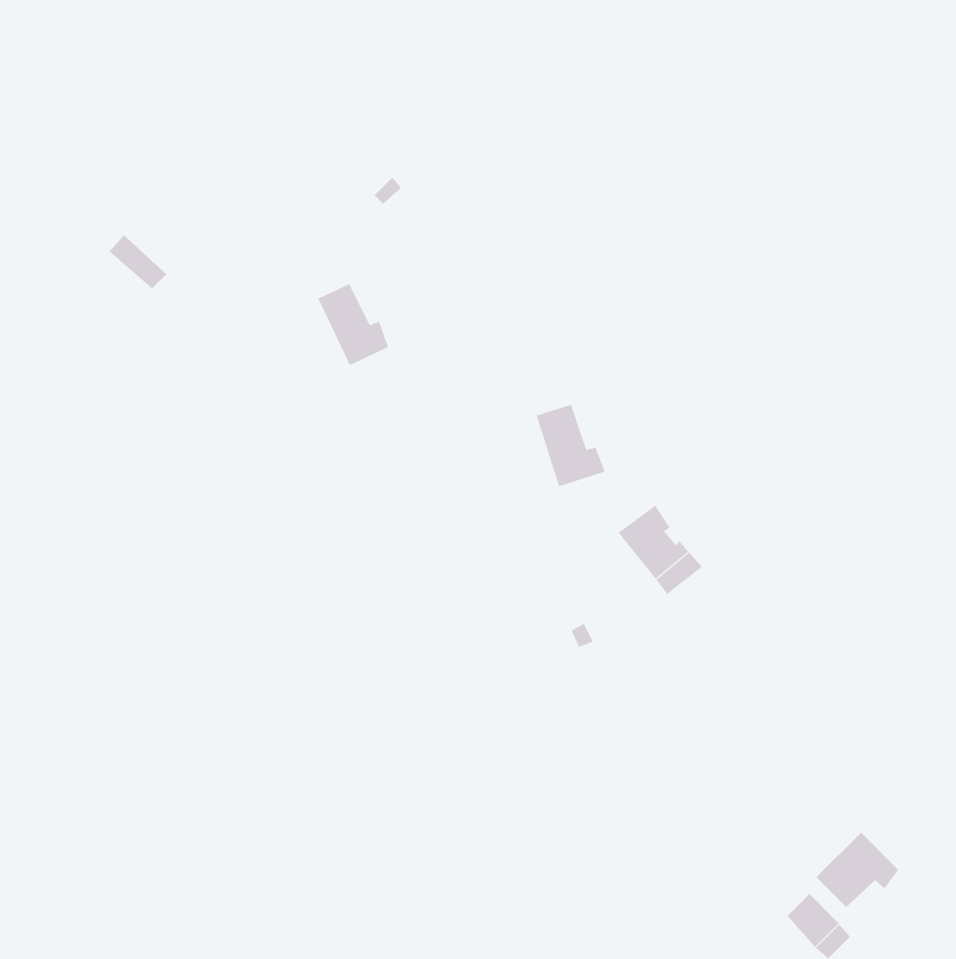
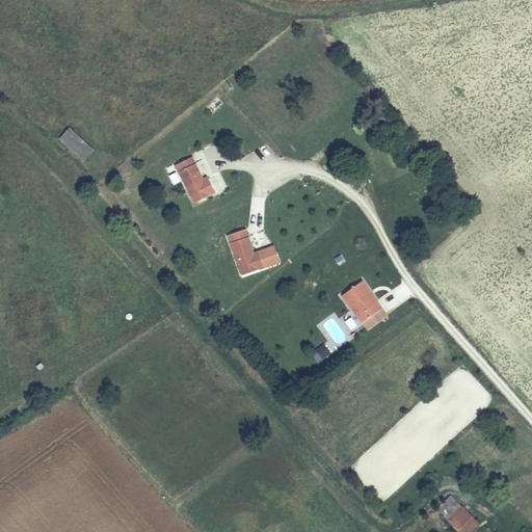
building: [536,404,605,487] -> [229,230,267,275]
building: [815,832,899,908] -> none

